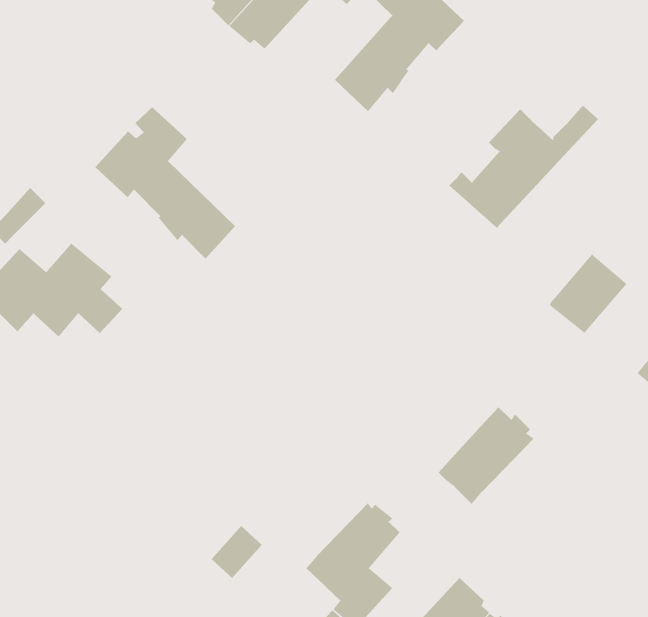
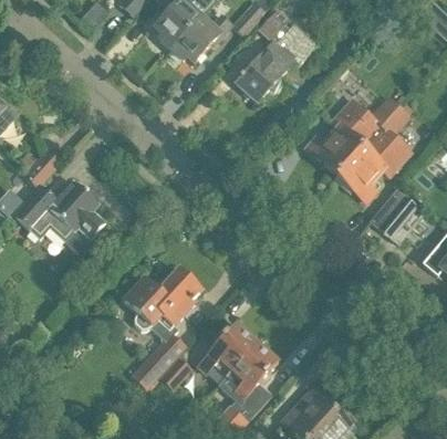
building: [94,106,236,259] -> none
building: none -> [336,106,413,192]
building: none -> [124,269,201,388]
building: [438,406,534,505] -> [197,323,257,384]

